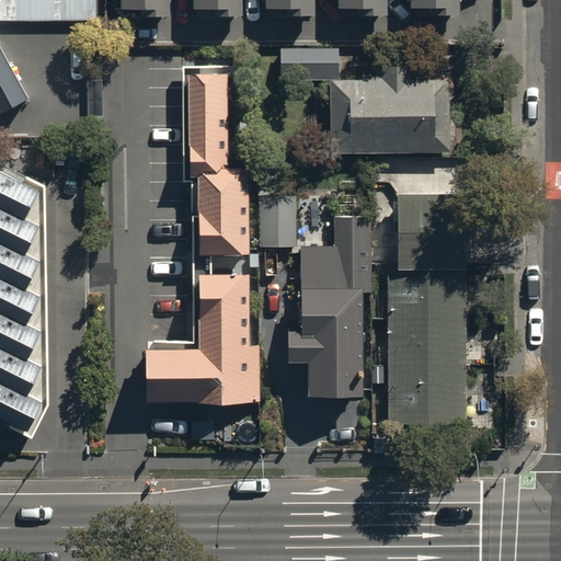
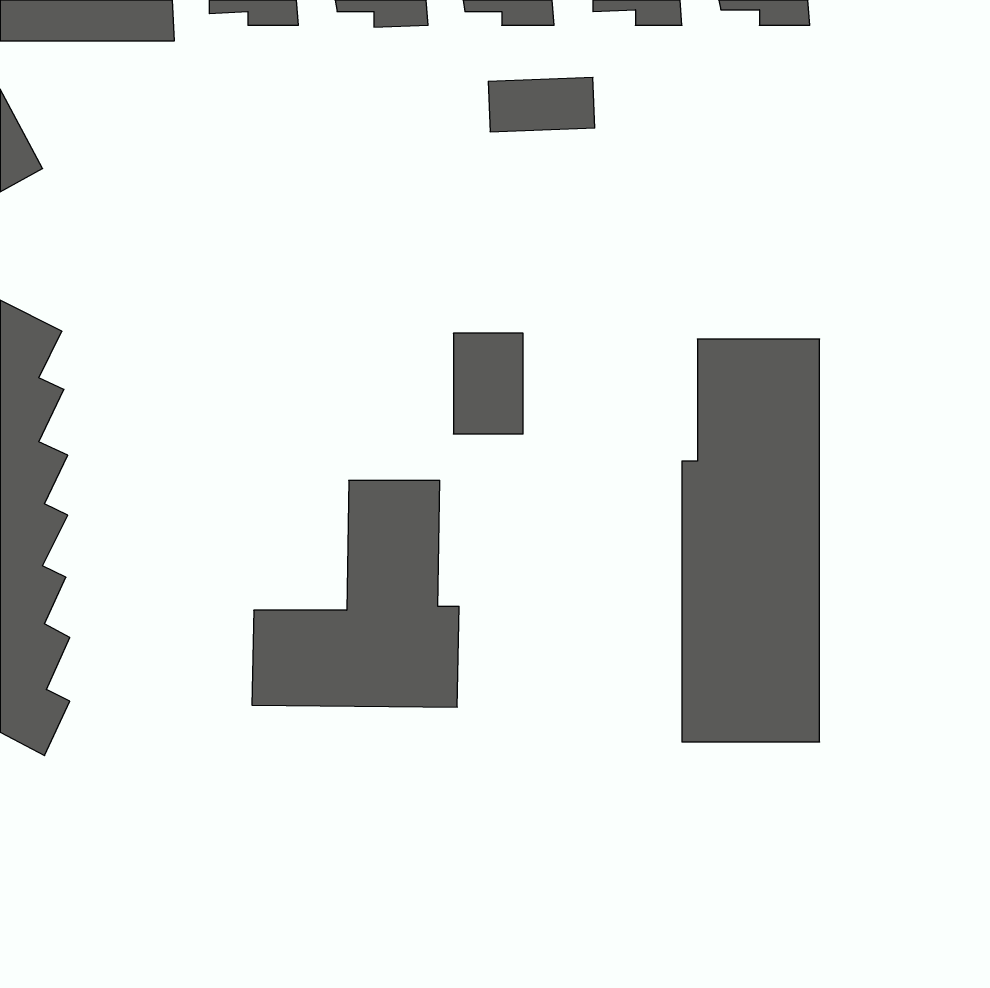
building: [329,66,449,154] -> none
building: [186,71,250,254] -> none
building: [286,216,370,394] -> none

